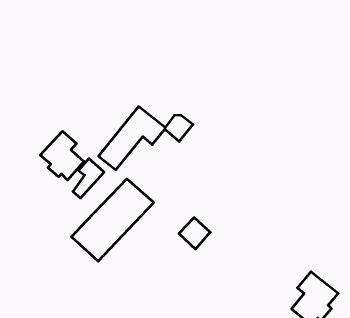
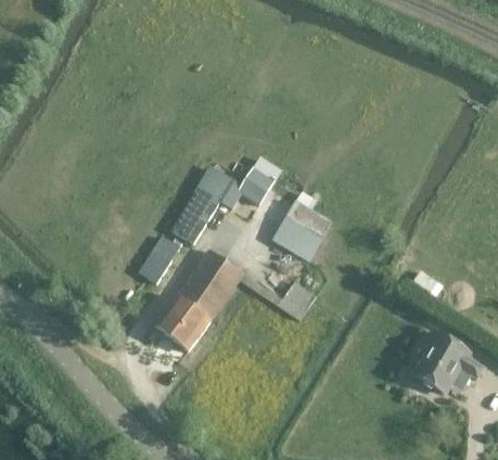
building: [40,131,84,180] -> none
building: none -> [279,205,335,263]

